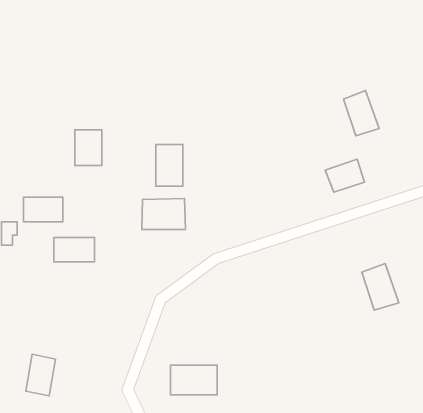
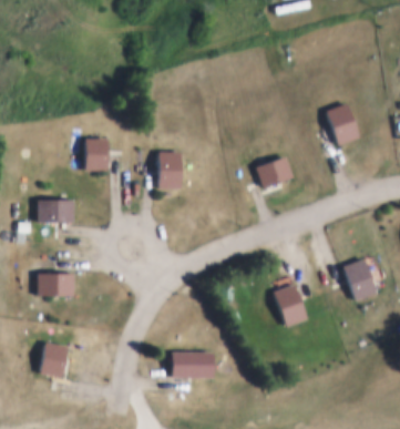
building: [325,159,364,192] -> [257,156,293,186]
building: [142,199,186,230] -> none
building: [54,237,94,262] -> [38,274,74,296]
building: none -> [273,284,307,326]

